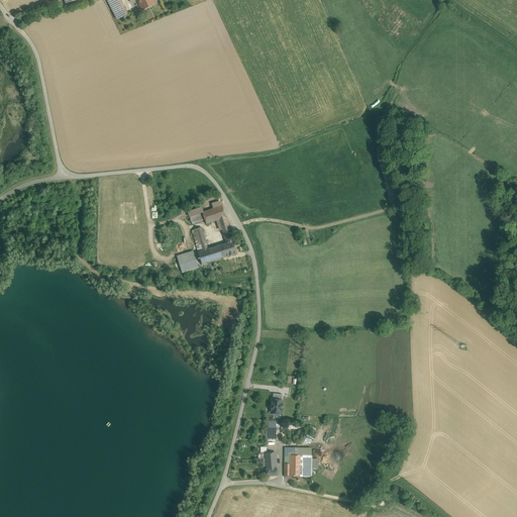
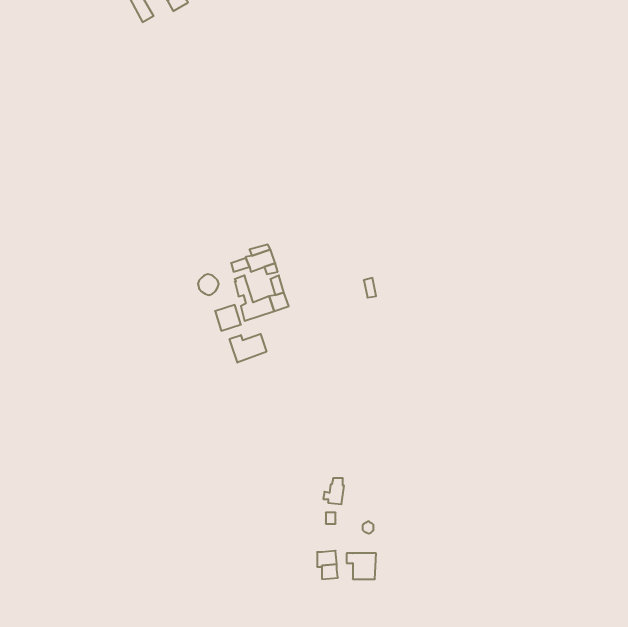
building: none -> [230,334,266,363]

